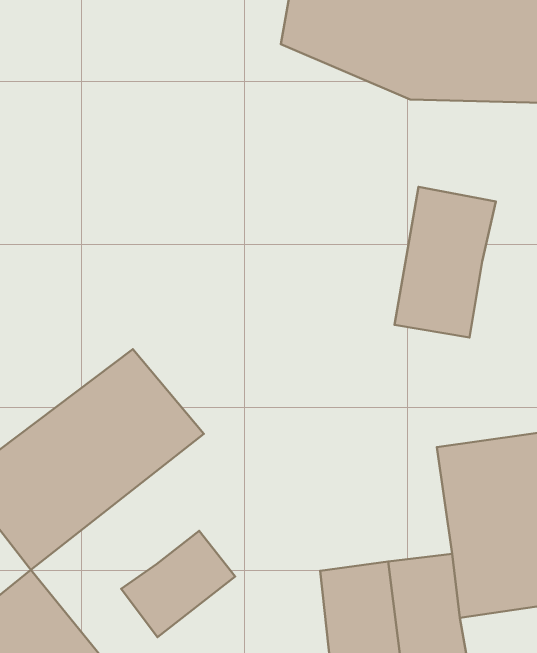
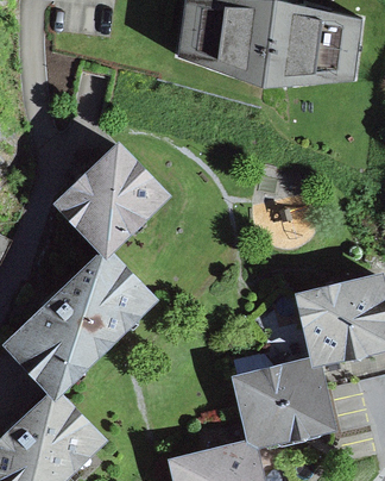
building: none -> [56,139,168,250]
building: [394,187,496,338] -> none
building: [121,531,235,637] -> none

